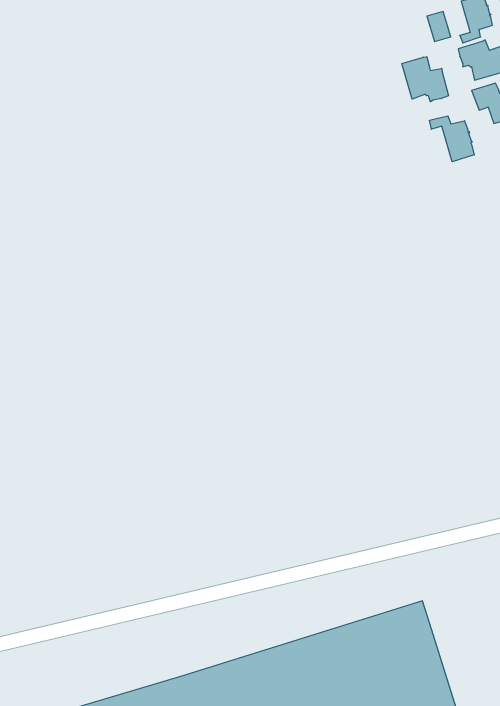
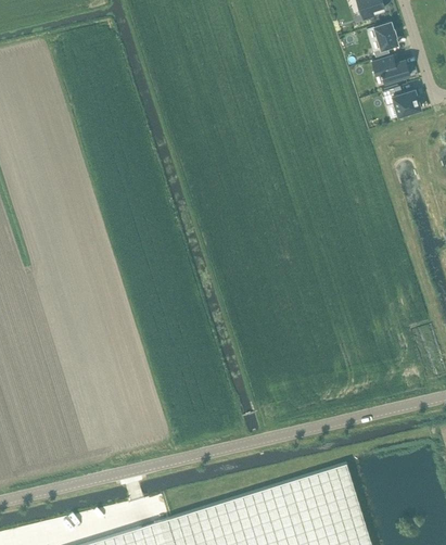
building: [402,57,449,102] -> none
building: [430,116,474,162] -> none

